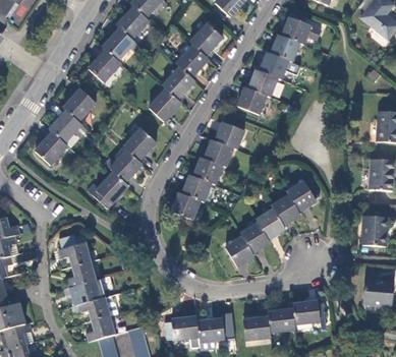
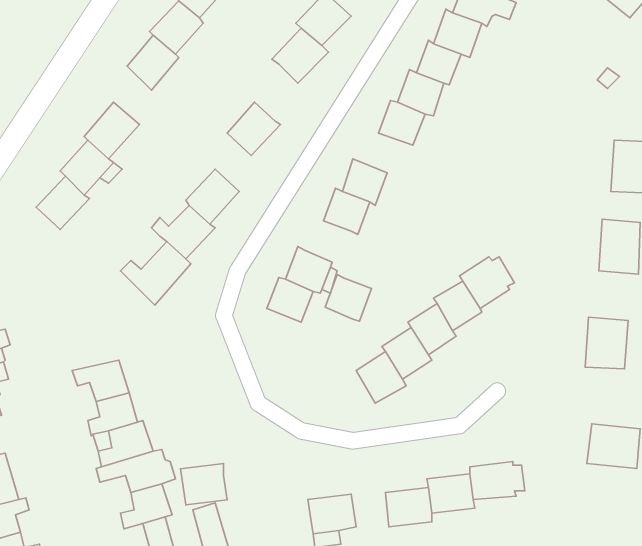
building: [162,66,194,100] -> none
building: [194,157,222,184] -> [325,275,372,321]
building: [171,316,199,341] -> [181,464,227,505]

